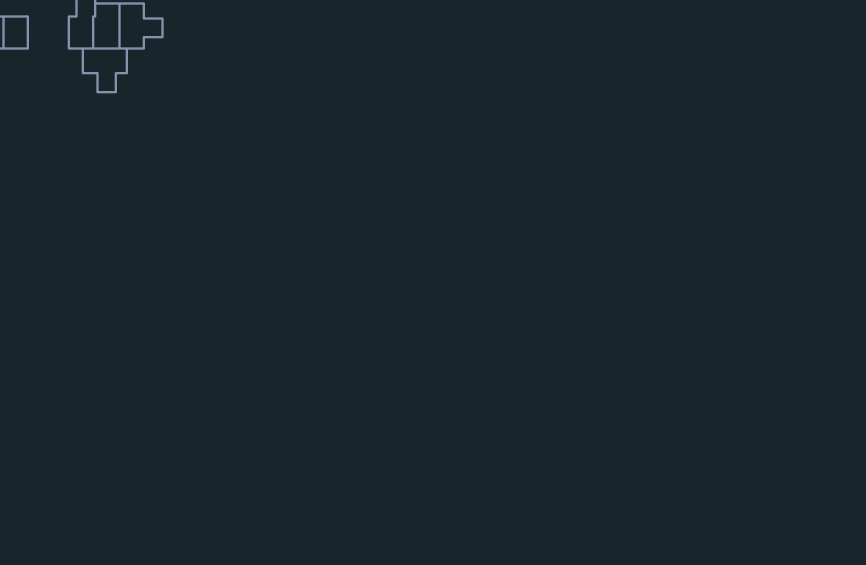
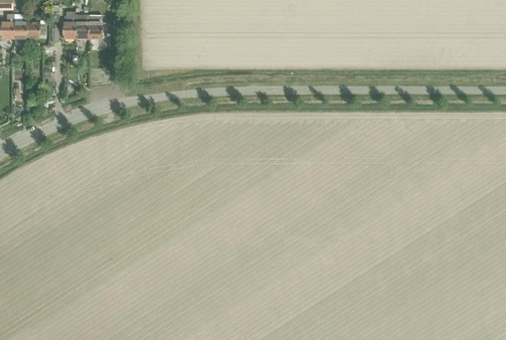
building: [83,48,127,92] -> none

